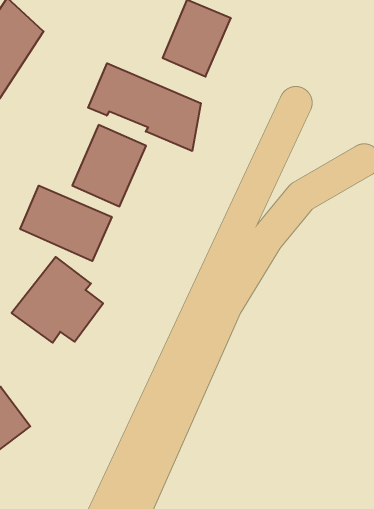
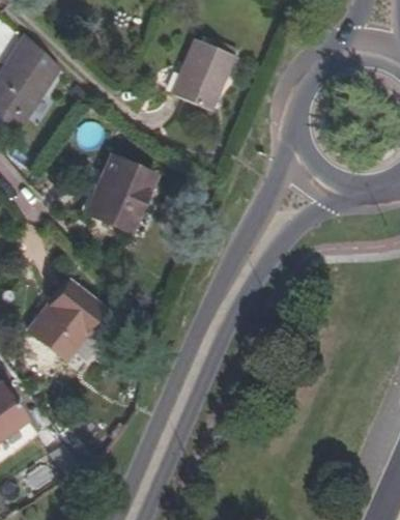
building: [88,63,201,151] -> none
building: [20,186,112,261] -> none

